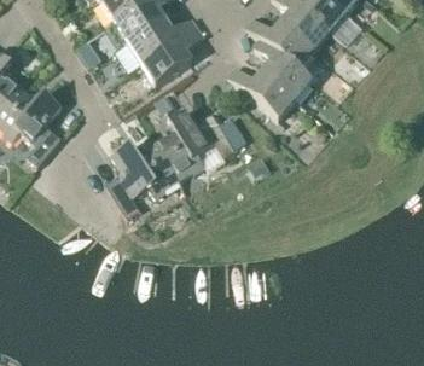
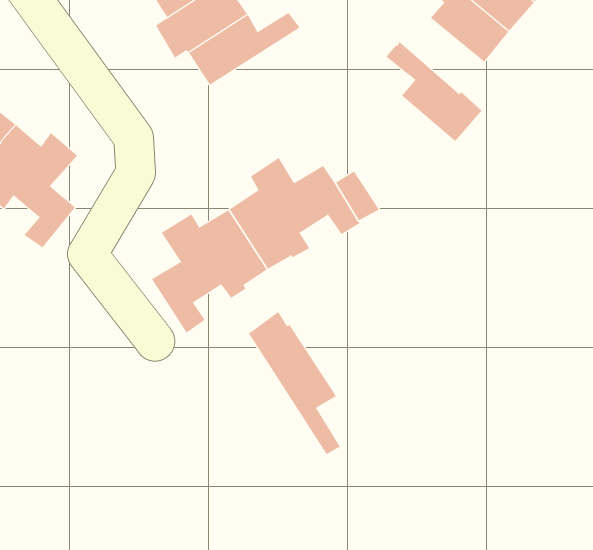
building: [244,17,313,68] -> none
building: [141,27,203,85] -> none
building: [226,64,295,117] -> none
building: none -> [248,311,341,455]

